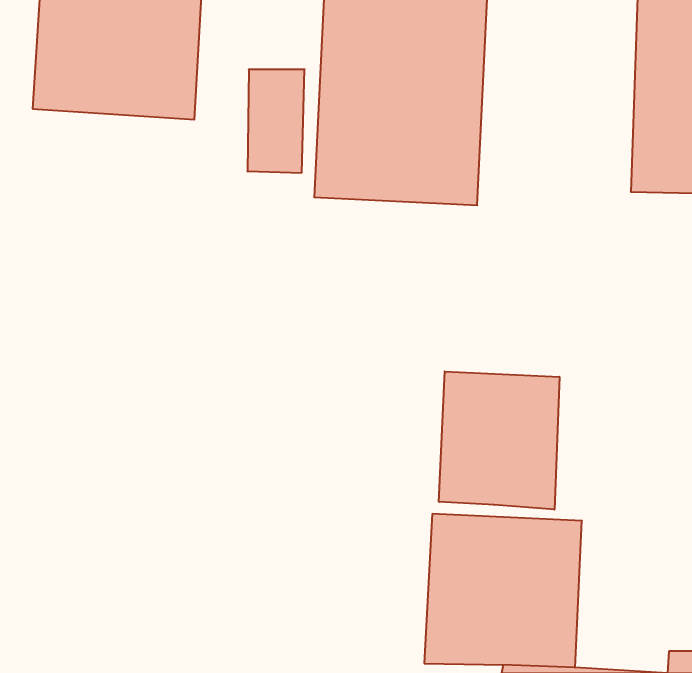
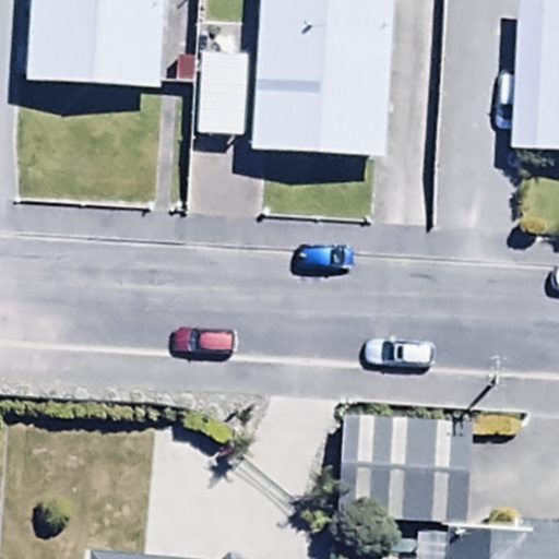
building: [439,371,559,510] -> none

